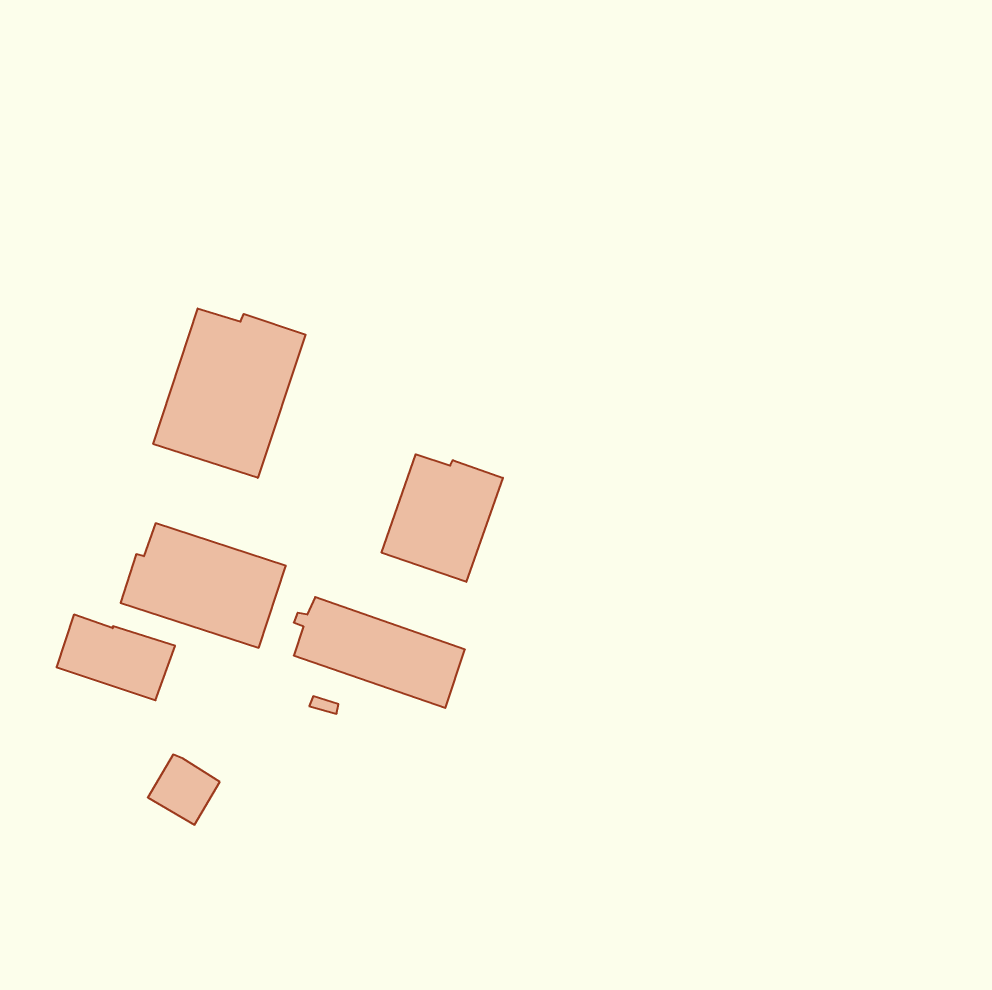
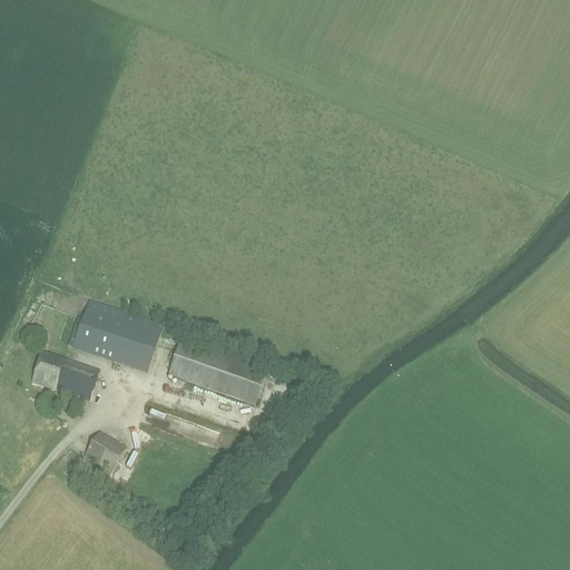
building: [153,308,306,478] -> none
building: [382,454,503,582] -> none

